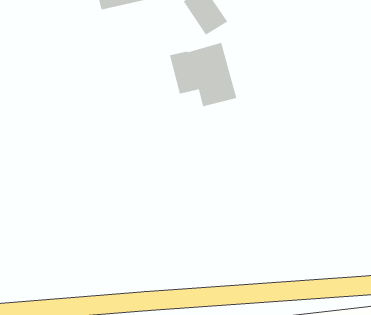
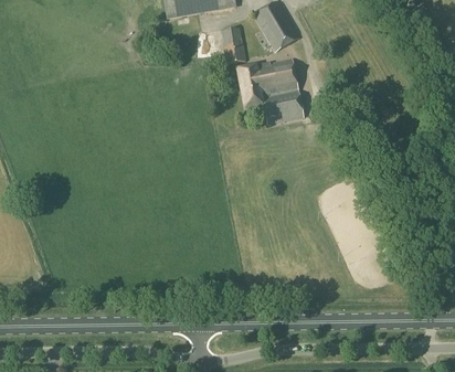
building: none -> [220,28,245,64]

